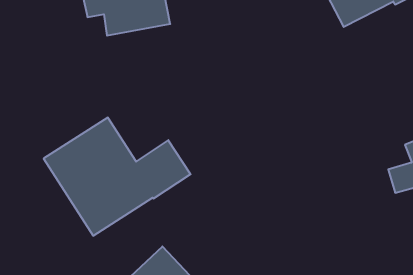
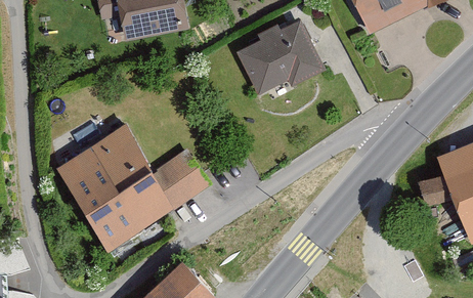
building: none -> [236,19,326,95]

